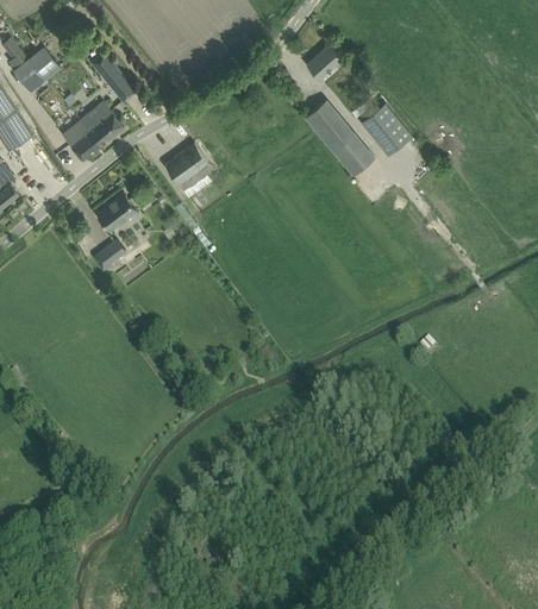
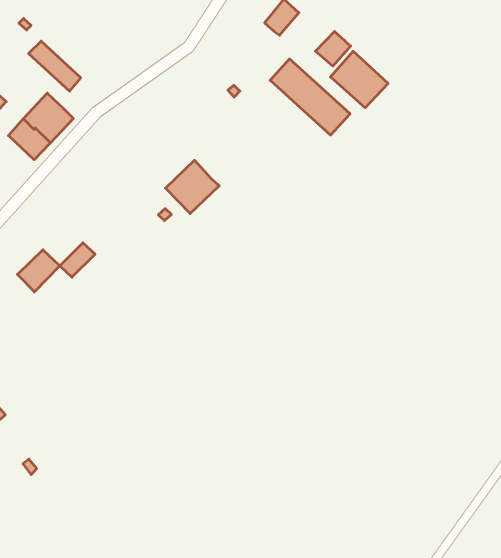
building: none -> [315,31,351,66]
building: [164,144,213,192] -> [165,160,219,214]
building: [96,194,136,231] -> [17,250,60,292]

